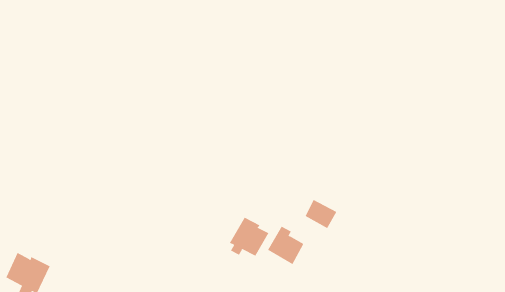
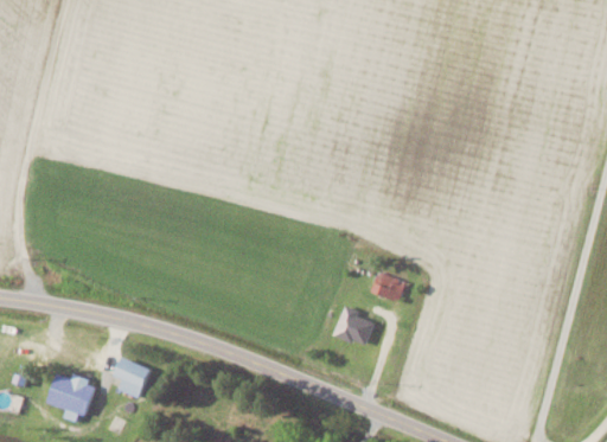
building: [229,217,269,256] -> none
building: none -> [115,359,149,397]

